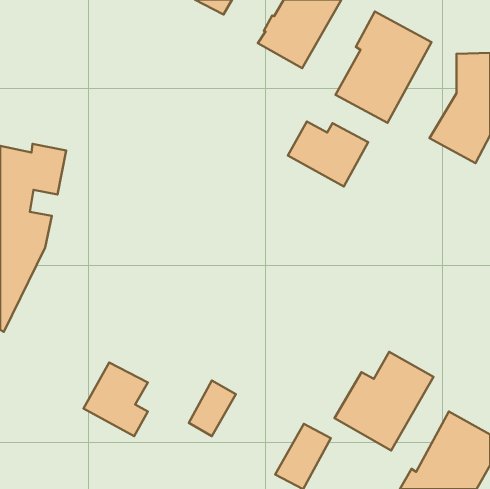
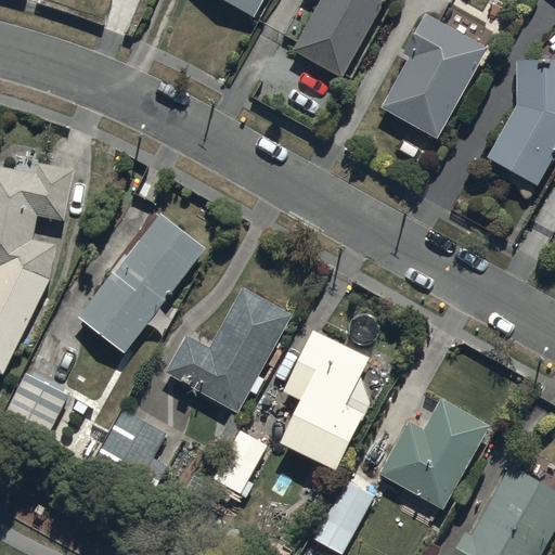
building: [288,121,368,186] -> none
building: none -> [78,212,205,352]
building: none -> [165,286,293,413]
building: none -> [280,331,371,472]
building: none -> [8,374,69,434]

